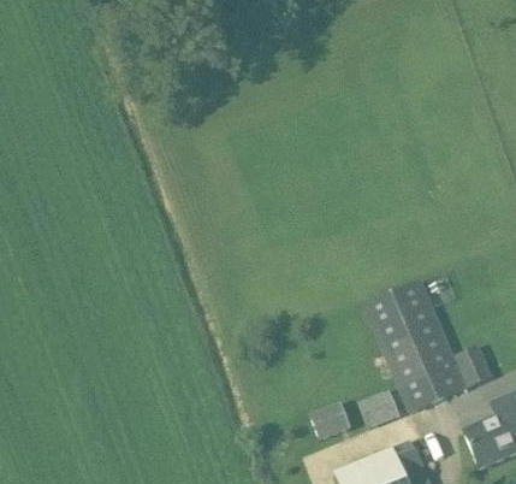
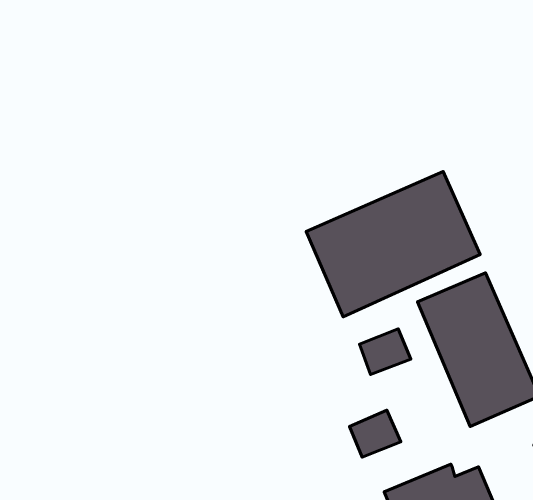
building: none -> [306,171,480,317]
building: [355,386,399,426] -> [360,329,411,374]

